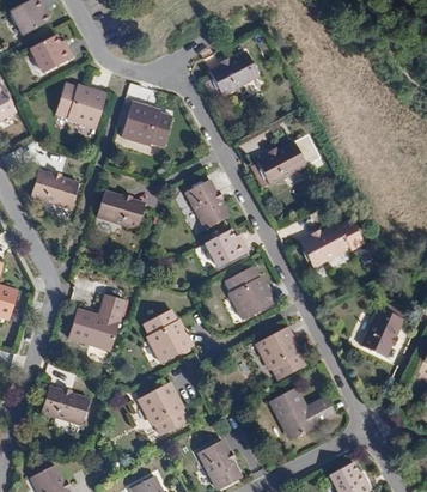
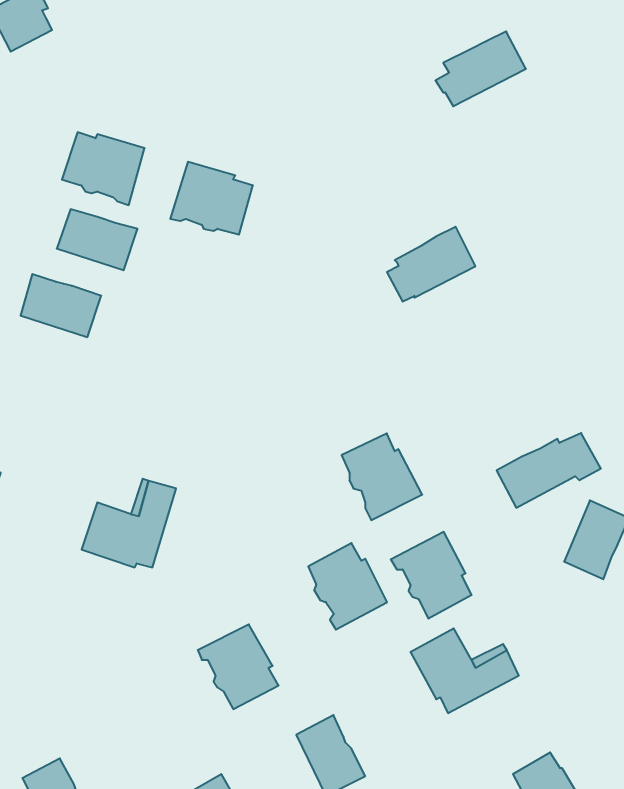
building: [30,35,73,73] -> none
building: [205,53,260,98] -> [435,31,526,106]
building: [187,180,228,229] -> none
building: [96,192,145,229] -> [57,209,138,270]
building: [301,221,365,267] -> [497,433,601,508]
building: [206,230,249,266] -> none
building: [144,310,191,363] -> [308,543,387,630]
building: [41,387,89,425] -> none

